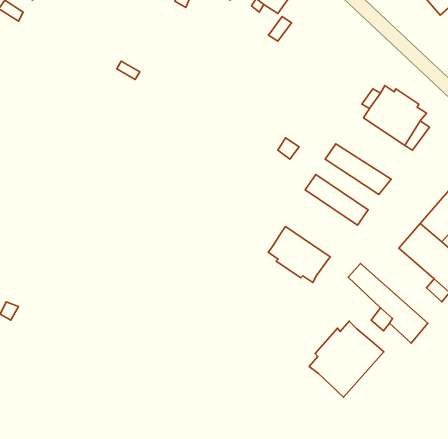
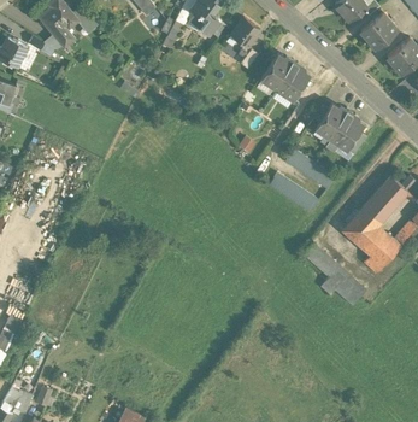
building: none -> [260,53,310,100]
building: [268,227,330,282] -> none
building: [309,321,384,397] -> none

